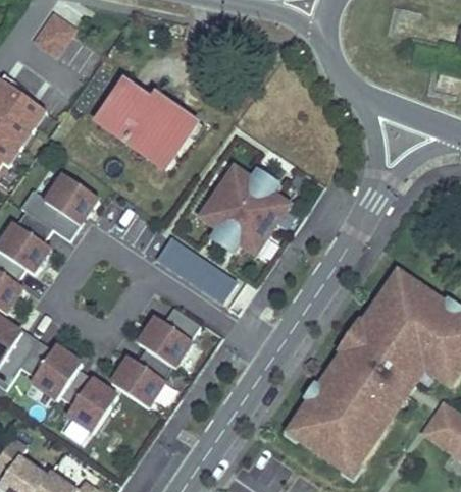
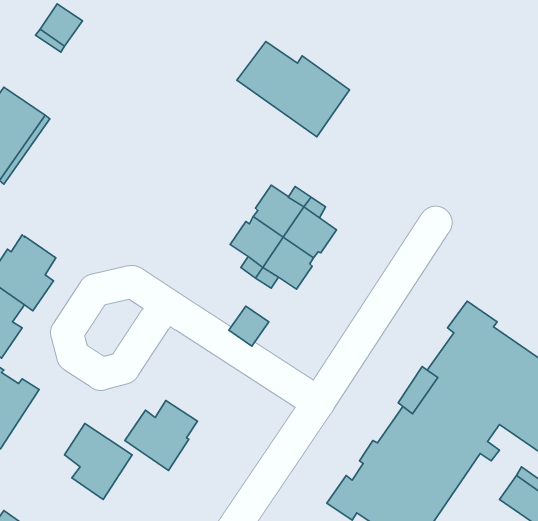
building: [98,85,193,165] -> [237,41,349,137]
building: [17,170,95,238] -> none
building: [154,237,211,287] -> none
building: [137,306,198,366] -> none
building: [19,337,80,395] -> none

